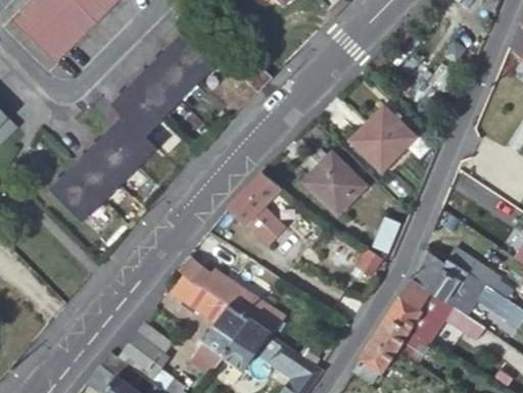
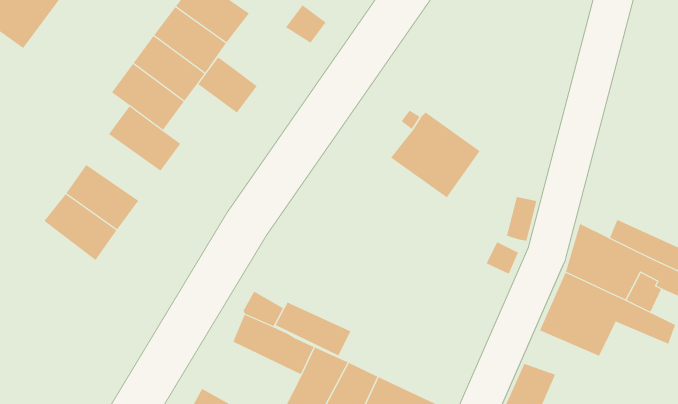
building: none -> [198,57,258,114]
building: [349,106,416,173] -> none
building: [86,134,138,184] -> none
building: [228,174,286,247] -> none
building: [374,317,429,363] -> none

